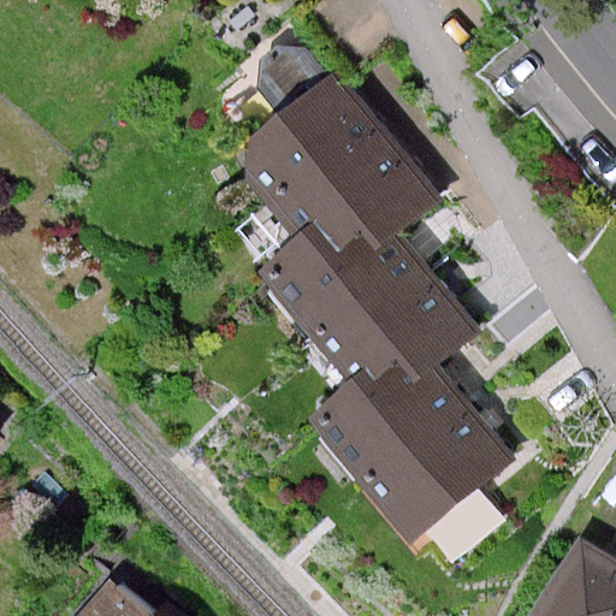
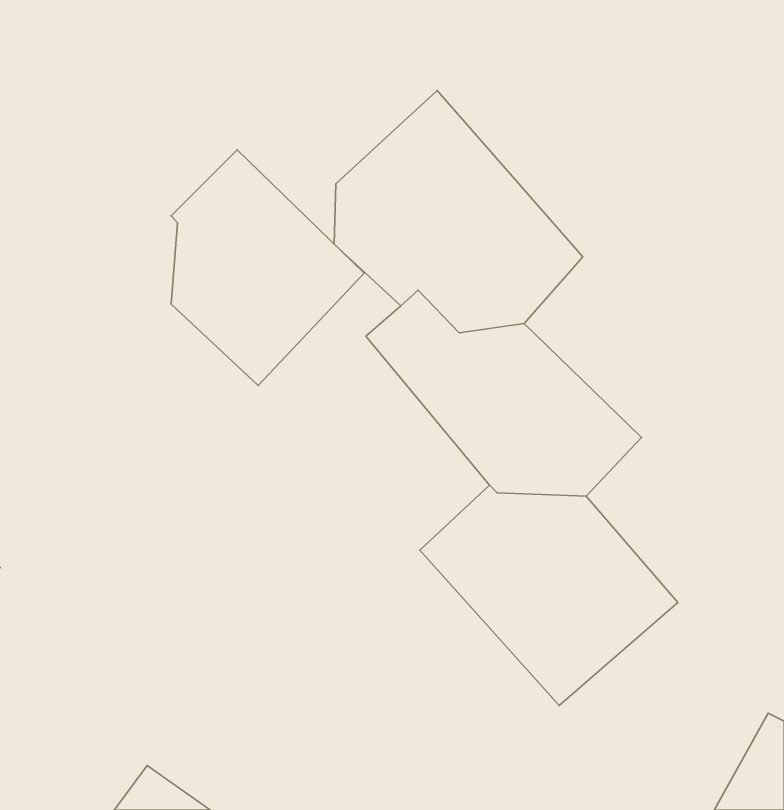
building: none -> [171,150,364,385]

